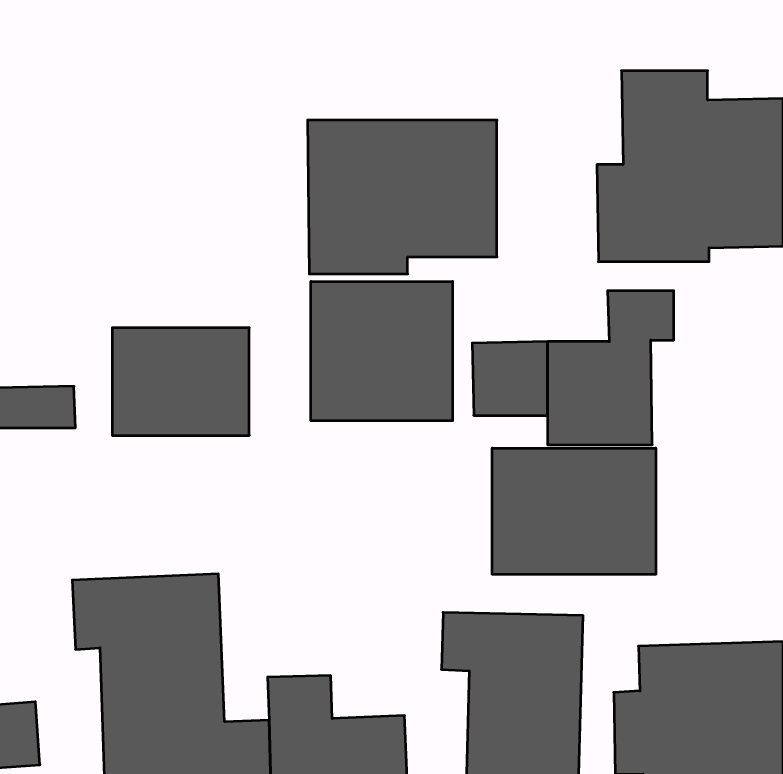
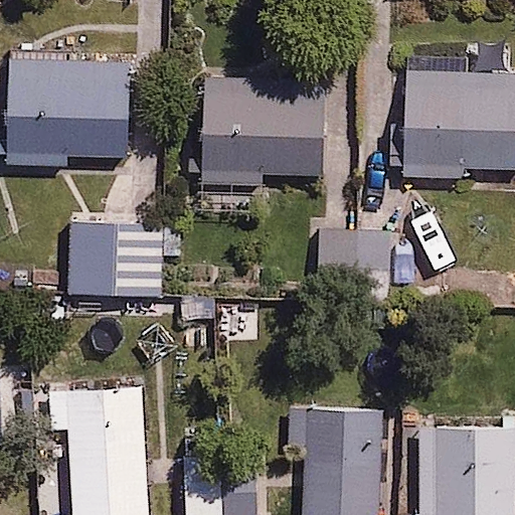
building: none -> [10,60,133,166]
building: [311,281,453,421] -> none
building: [492,448,656,574] -> none

